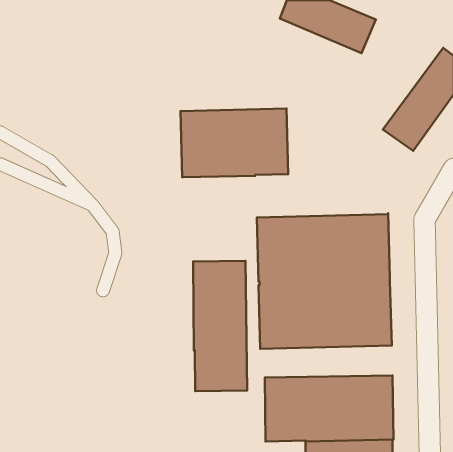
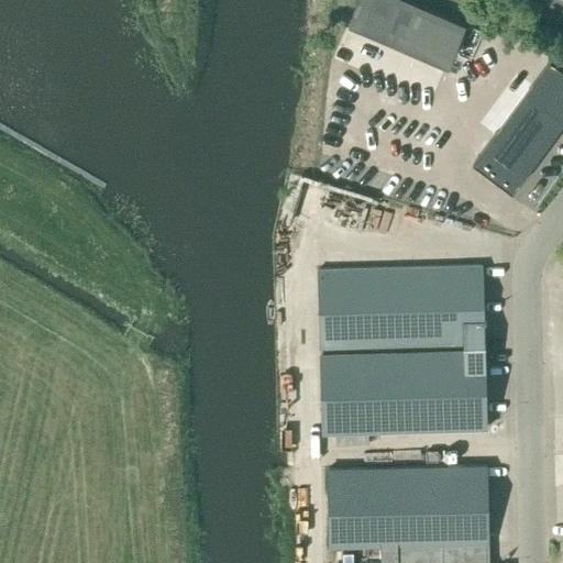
building: [180,108,288,177] -> none
building: [193,261,247,391] -> none

